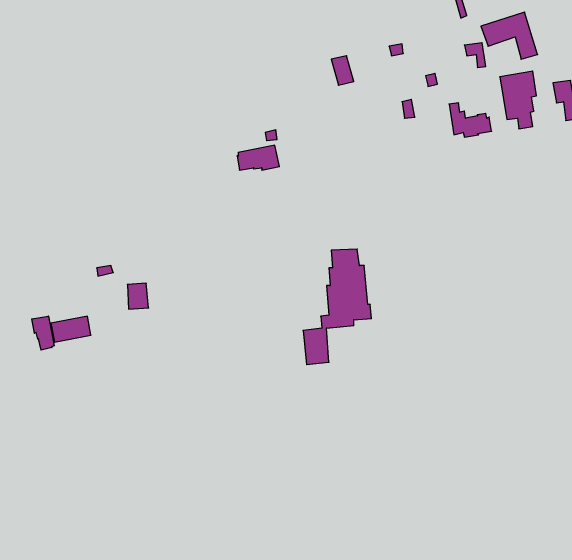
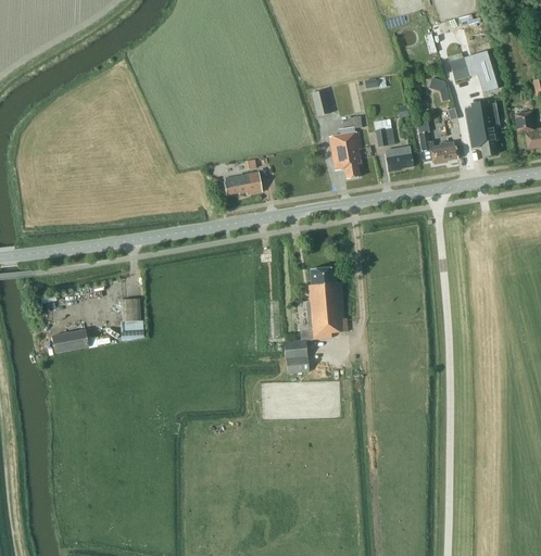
building: none -> [328,130,361,178]
building: none -> [385,146,413,170]
building: [32,316,54,350] -> none

